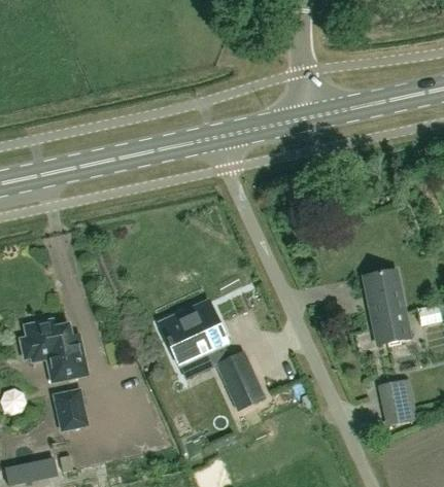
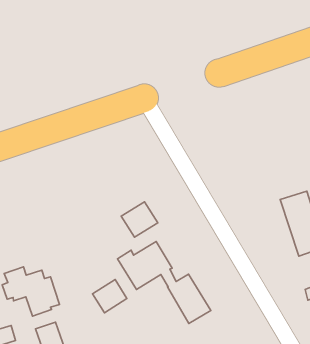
building: none -> [121,202,158,237]
building: none -> [93,280,127,313]

